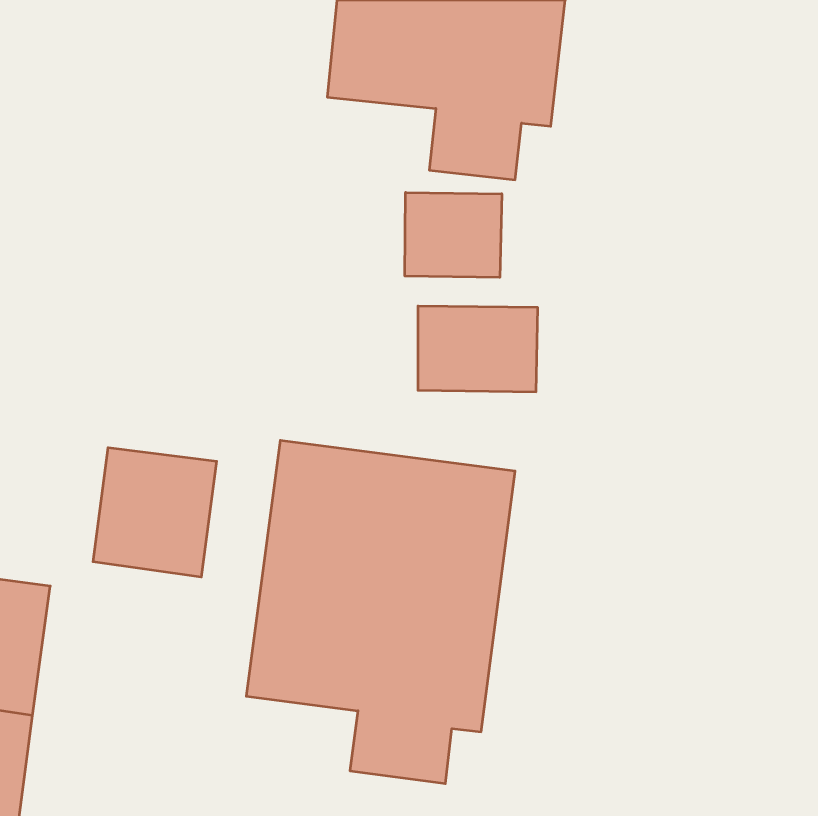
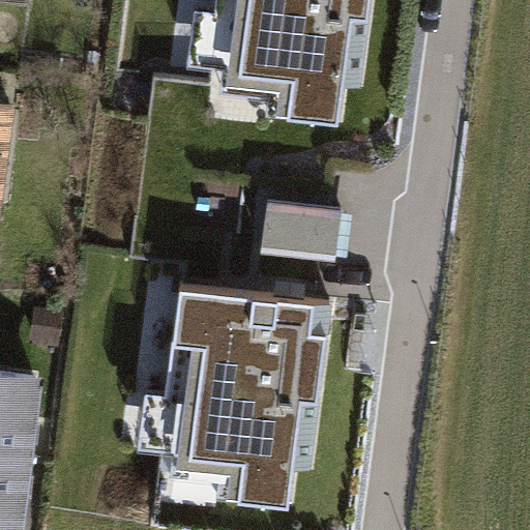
building: [405,192,502,277] -> none
building: [93,448,217,577] -> none

